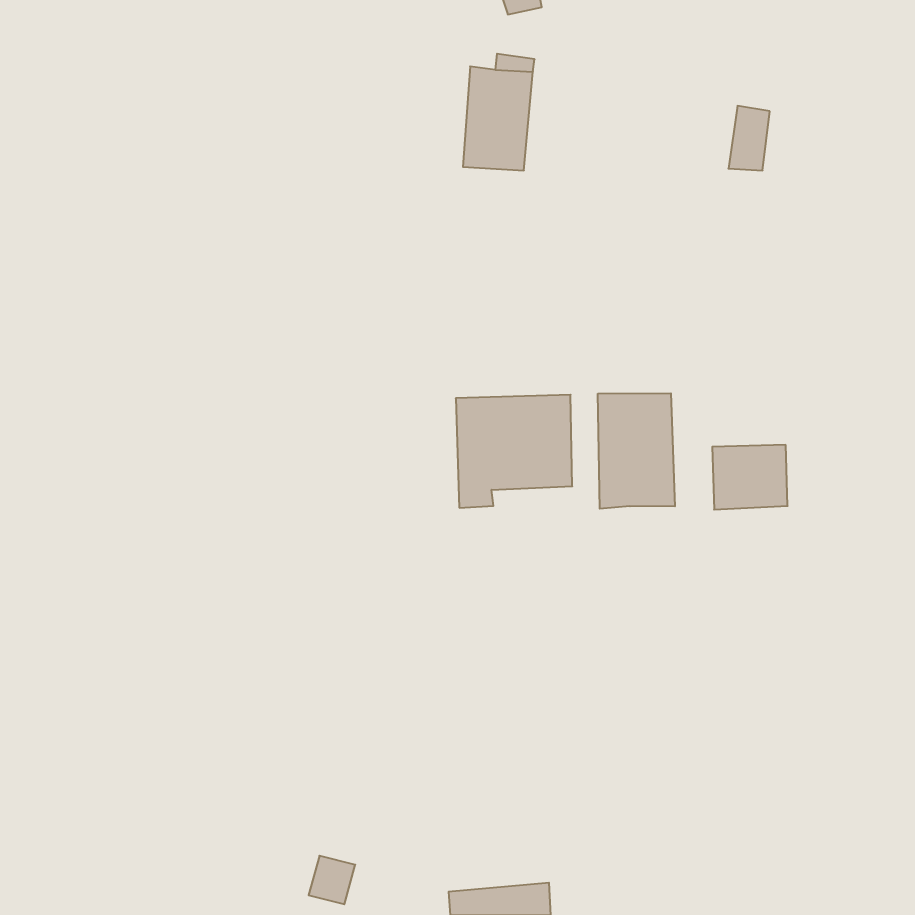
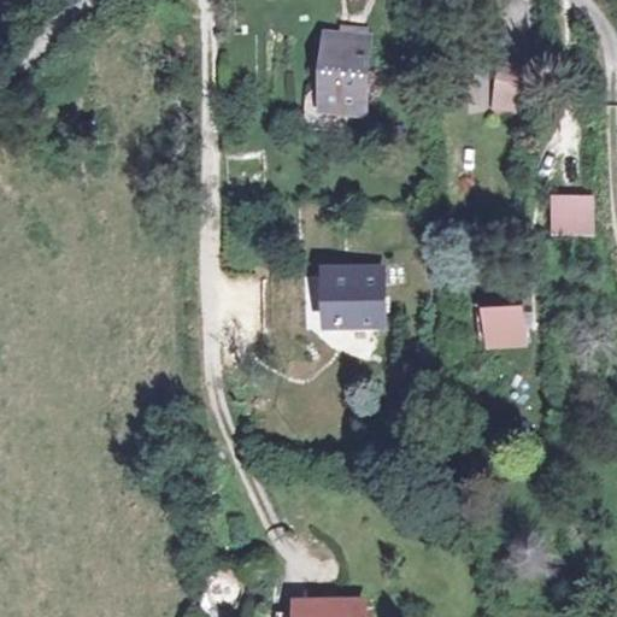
building: none -> [553,204,599,241]
building: [598,393,675,509] -> none

